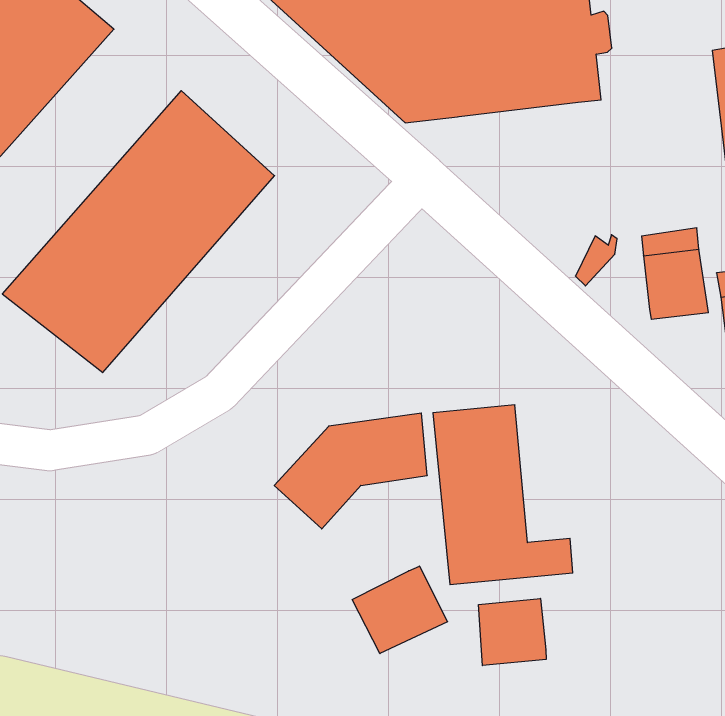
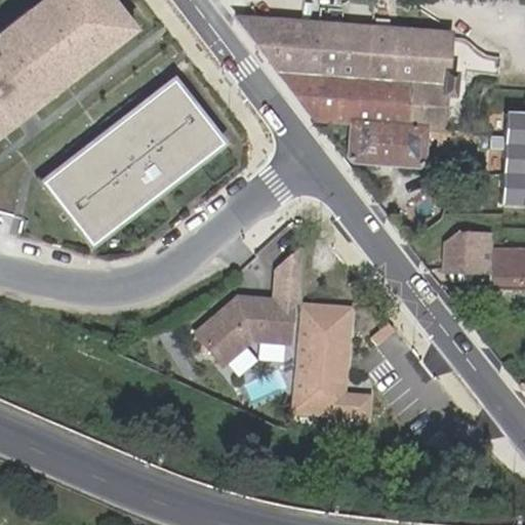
building: none -> [346,122,422,165]
building: [352,566,448,654] -> none
building: [479,598,546,666] -> none

